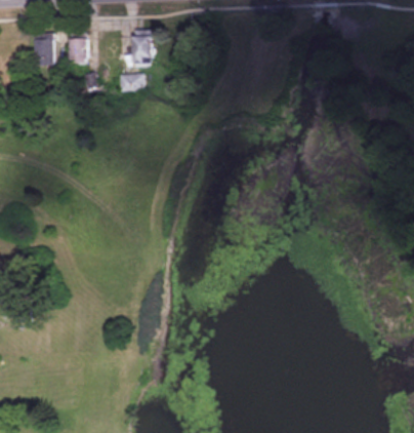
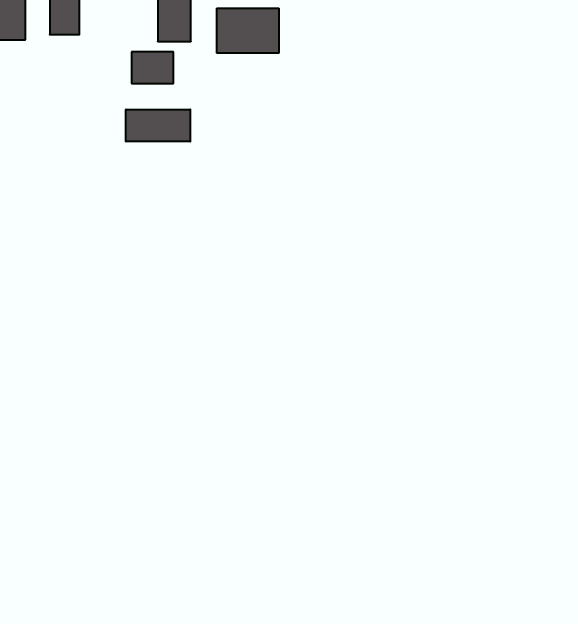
building: none -> [217,8,279,53]
building: none -> [126,109,190,142]

